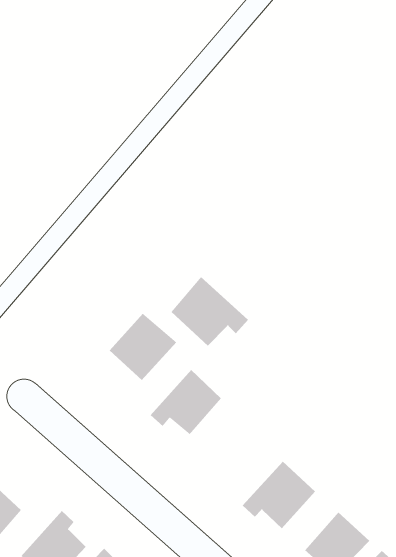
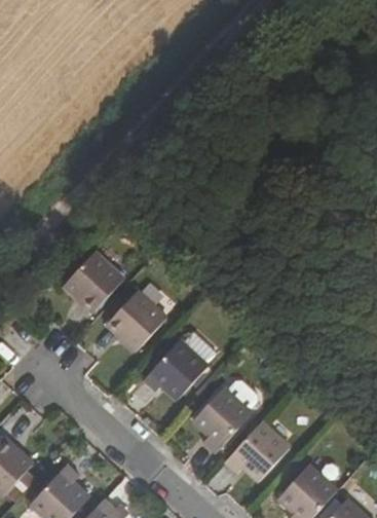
building: none -> [65,252,124,311]
building: [171,276,249,346] -> none
building: none -> [194,388,251,451]

